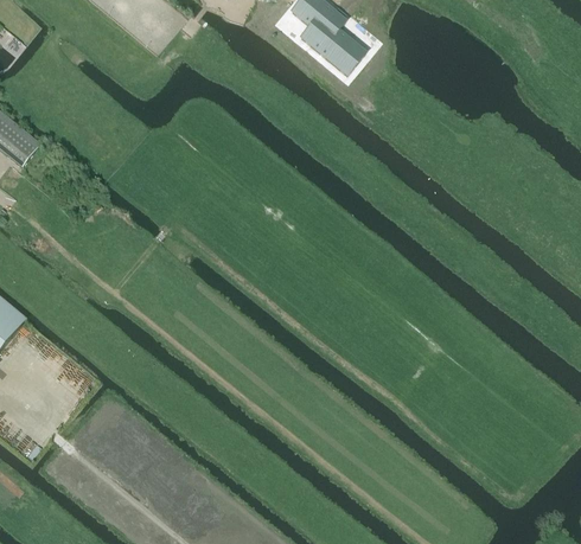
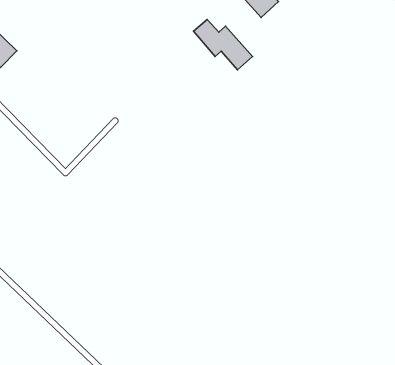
building: none -> [194,20,253,70]

